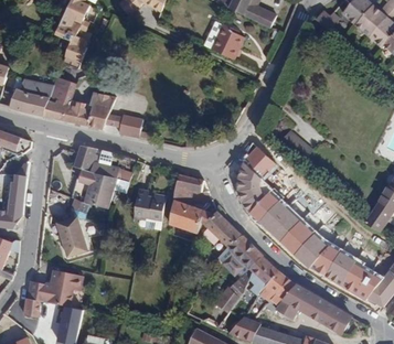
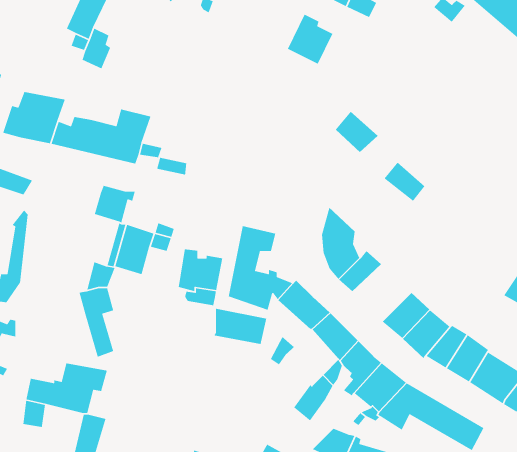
building: [49,76,77,103] -> none
building: [244,146,275,175] -> [335,111,378,153]
building: [257,201,299,241] -> none
building: none -> [213,308,267,345]

